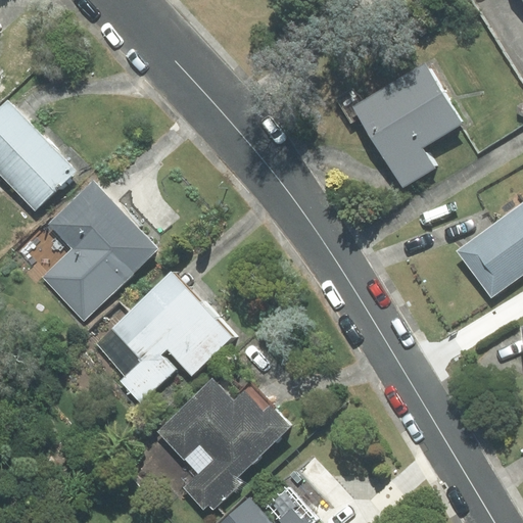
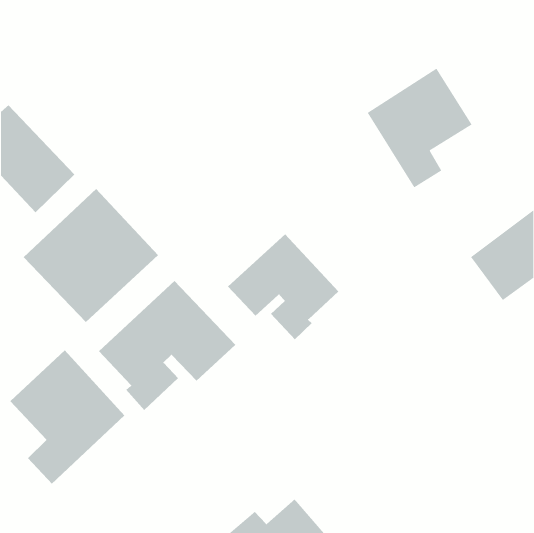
building: none -> [227,234,339,340]
building: none -> [9,350,125,484]
building: [158,380,291,509] -> none

